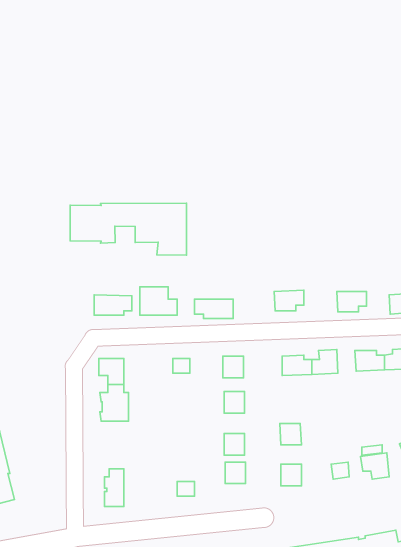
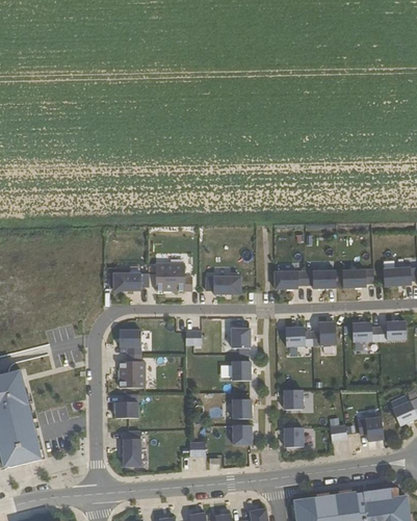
building: [70,203,187,255] -> none
building: none -> [305,266,331,285]
building: none -> [115,393,137,417]

